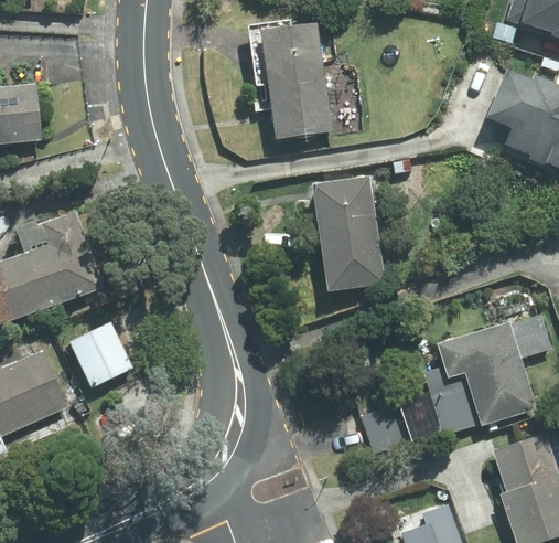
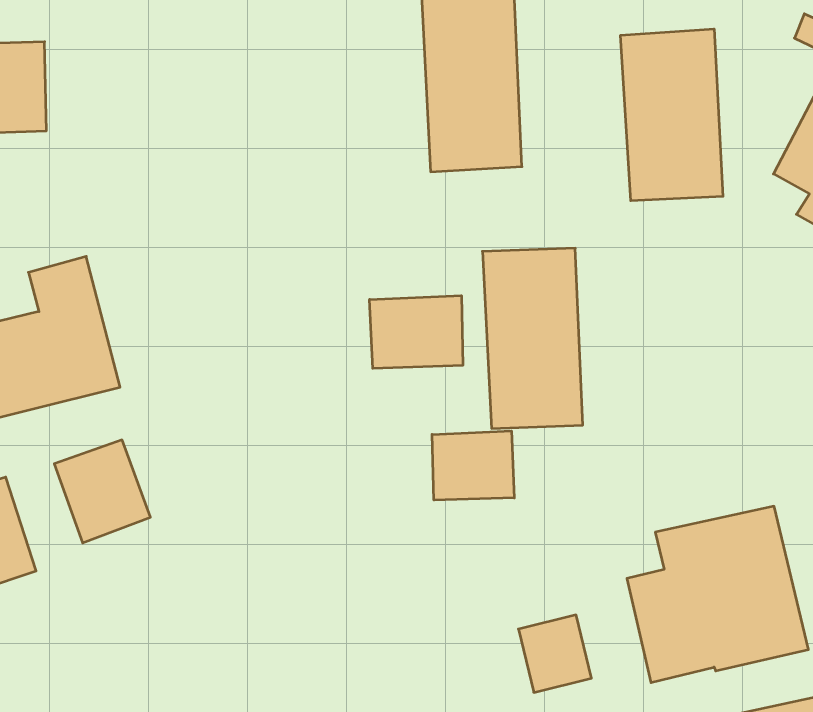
building: none -> [621,29,723,201]
building: none -> [370,296,463,368]
building: none -> [432,431,514,500]

